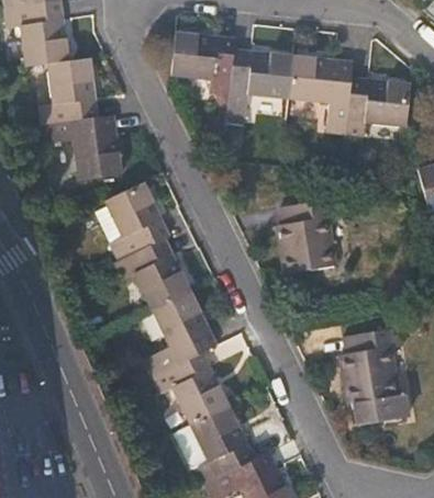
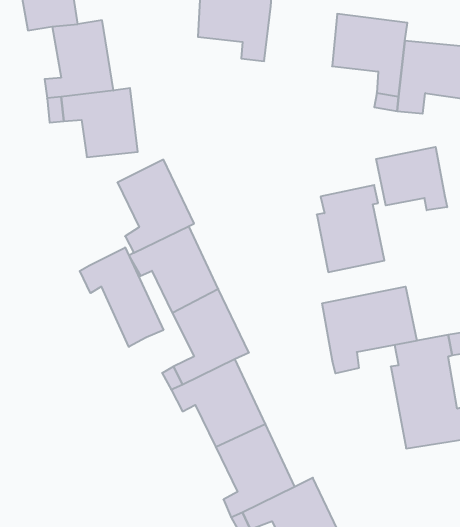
building: [230,47,293,110] -> none
building: none -> [376,147,447,210]
building: none -> [80,247,163,347]
building: none -> [322,287,417,373]

